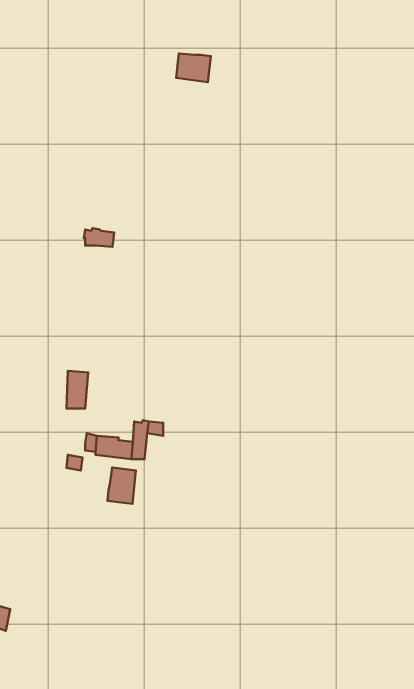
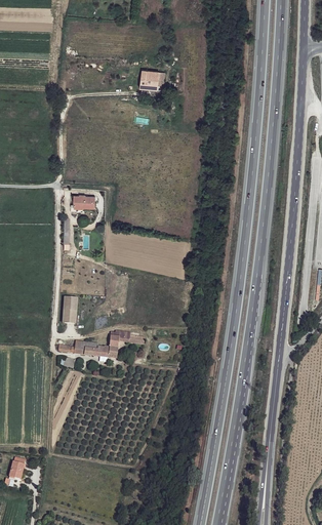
building: [108,468,136,504] -> none

